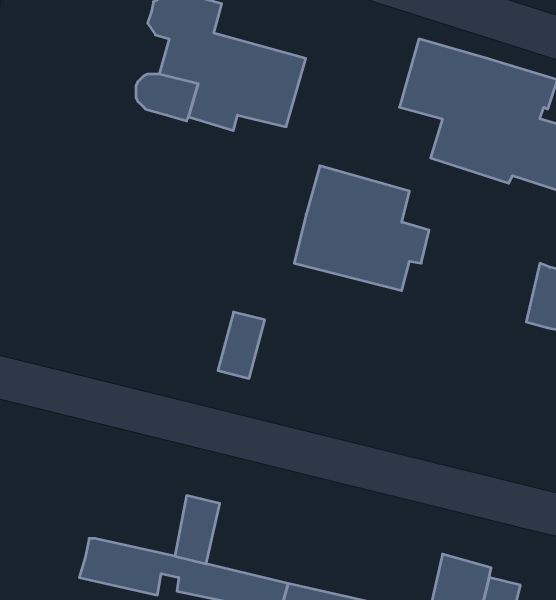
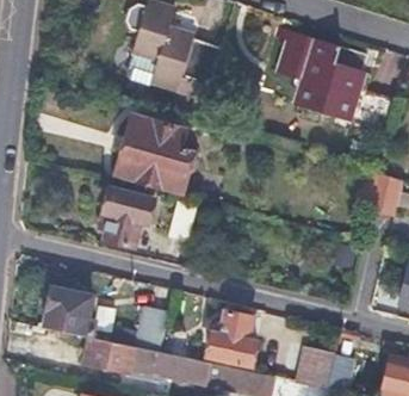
building: [294,166,429,291] -> [117,111,199,187]
building: none -> [103,184,154,243]
building: none -> [43,285,97,338]
building: none -> [206,311,258,365]

